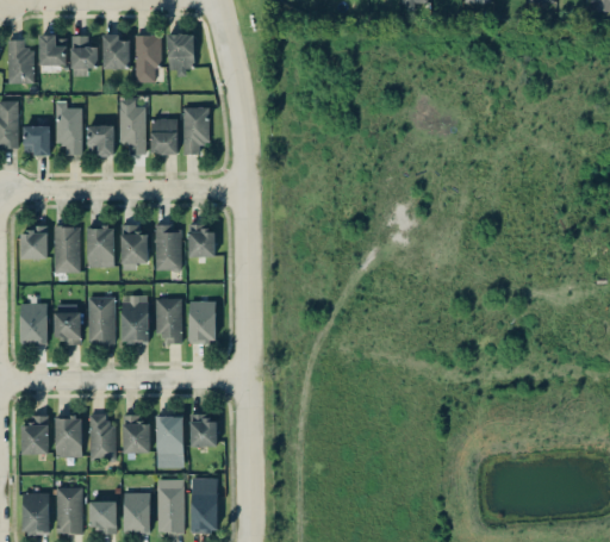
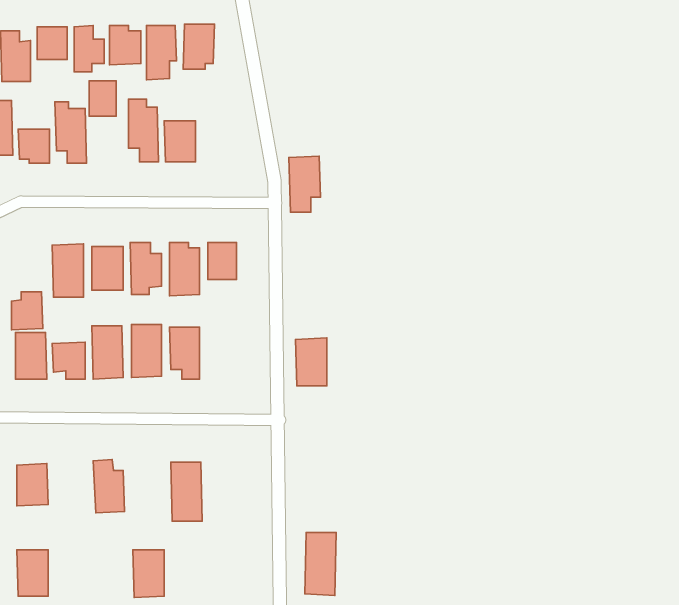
building: [182,106,210,155] -> [289,156,320,212]
building: [91,125,114,156] -> [89,81,116,116]
building: [20,225,48,258] -> [12,292,43,330]
building: [188,300,216,342] -> [295,338,327,386]
building: [55,415,82,456] -> none
building: [122,415,150,453] -> none
building: [189,416,217,446] -> none
building: [191,478,218,532] -> [305,533,336,595]
building: [157,479,183,532] -> none
building: [56,487,82,532] -> none
building: [89,500,117,534] -> none

